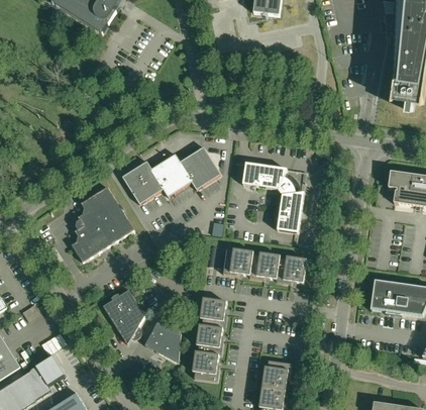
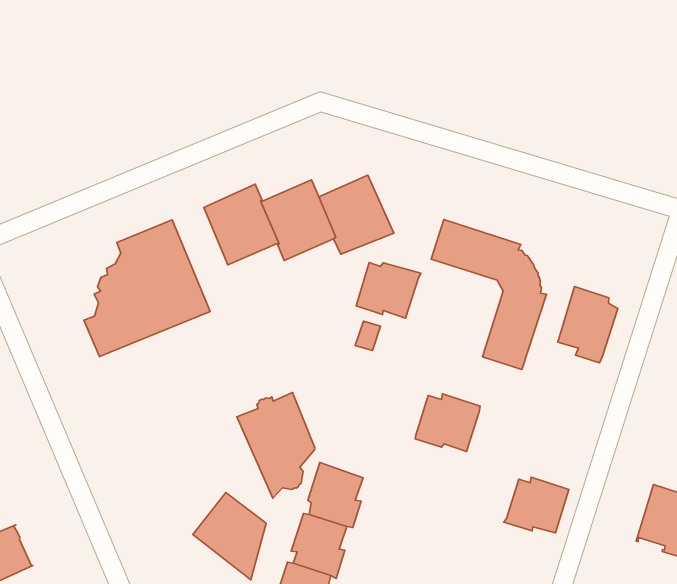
building: none -> [558,287,618,363]
building: [223,247,253,274] -> [356,263,421,318]
building: [276,254,306,282] -> [504,477,569,533]
building: [102,288,144,343] -> [237,392,315,498]

